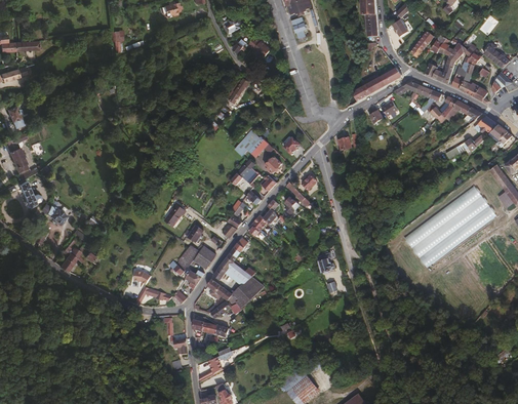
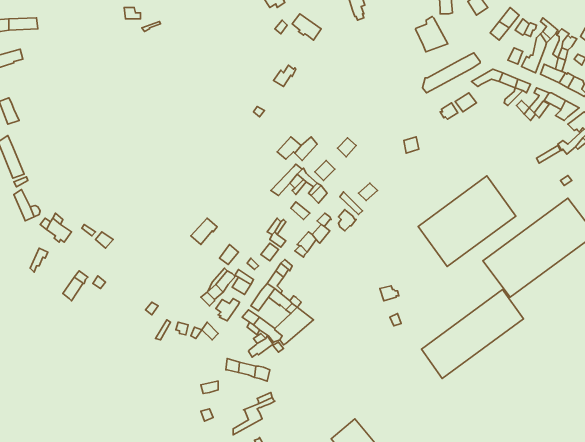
building: none -> [415,17,448,52]
building: none -> [418,176,516,267]
building: none -> [422,289,523,378]

